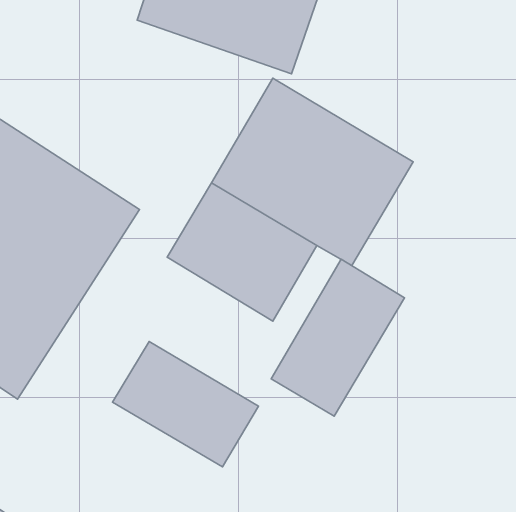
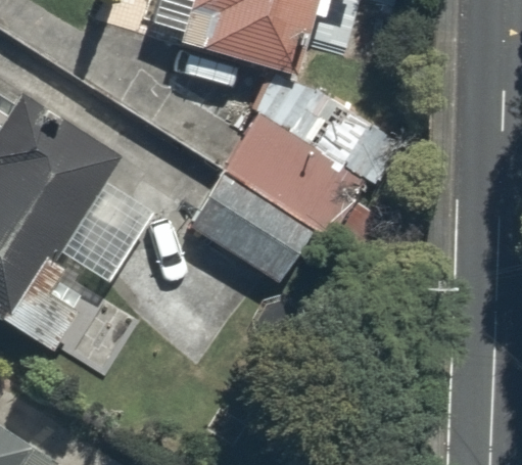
building: [271,259,404,416] -> none
building: [112,341,258,467] -> none

